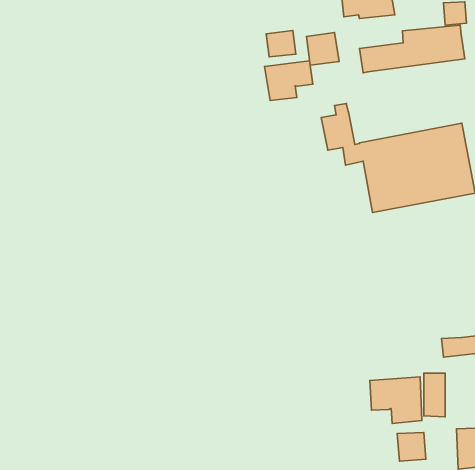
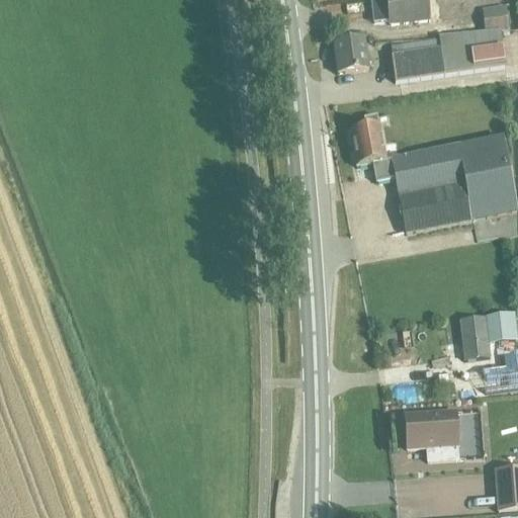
building: [266,30,296,57] -> none
building: [264,61,313,101] -> none
building: none -> [461,314,512,356]
building: [397,433,426,461] -> none

